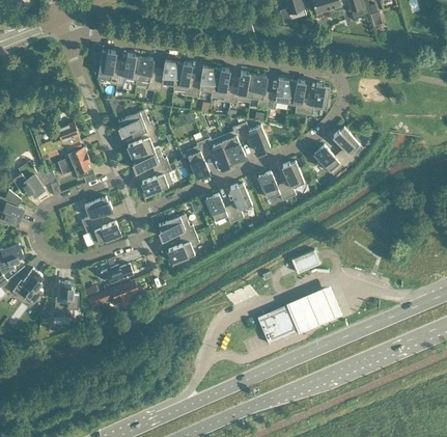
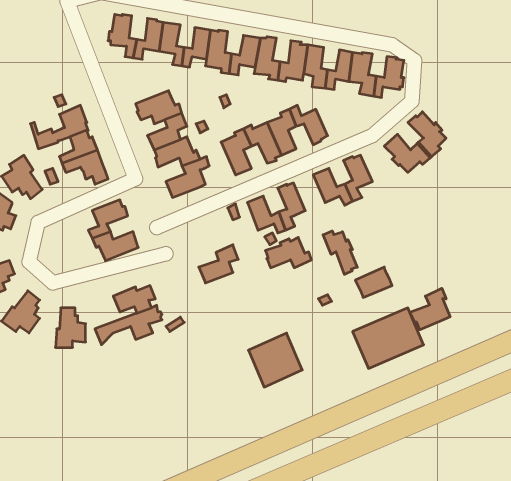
building: [158,214,194,238] -> [265,237,311,268]
building: none -> [323,231,357,274]
building: none -> [410,288,450,330]
building: [256,302,299,345] -> [248,333,302,387]

